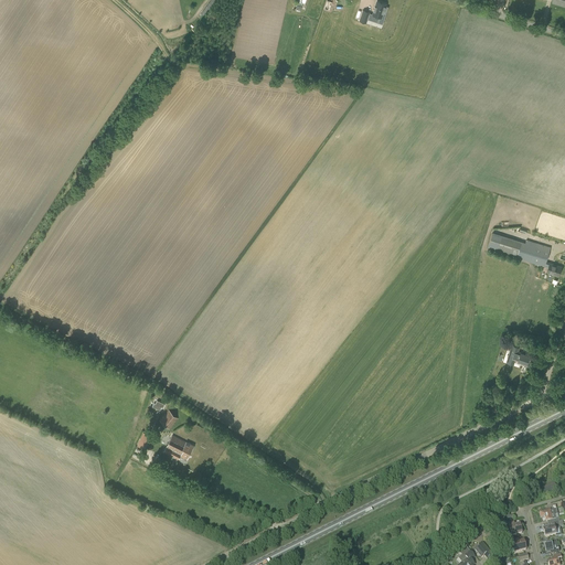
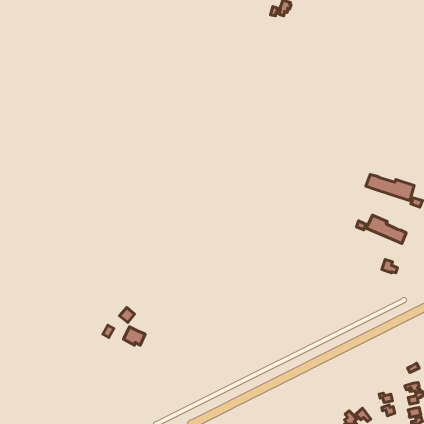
building: none -> [356,215,406,244]

